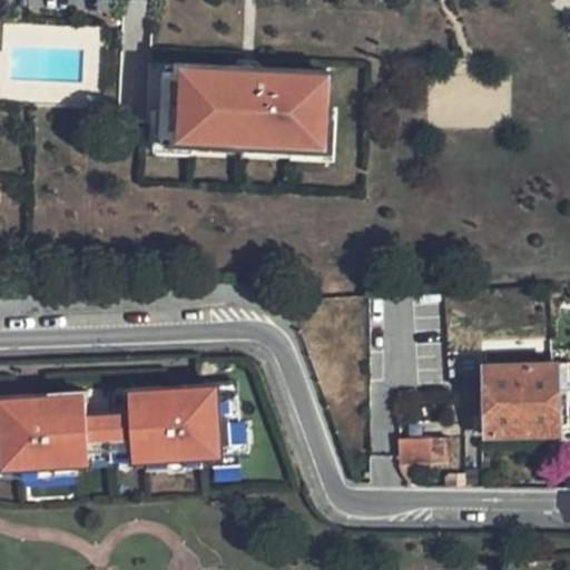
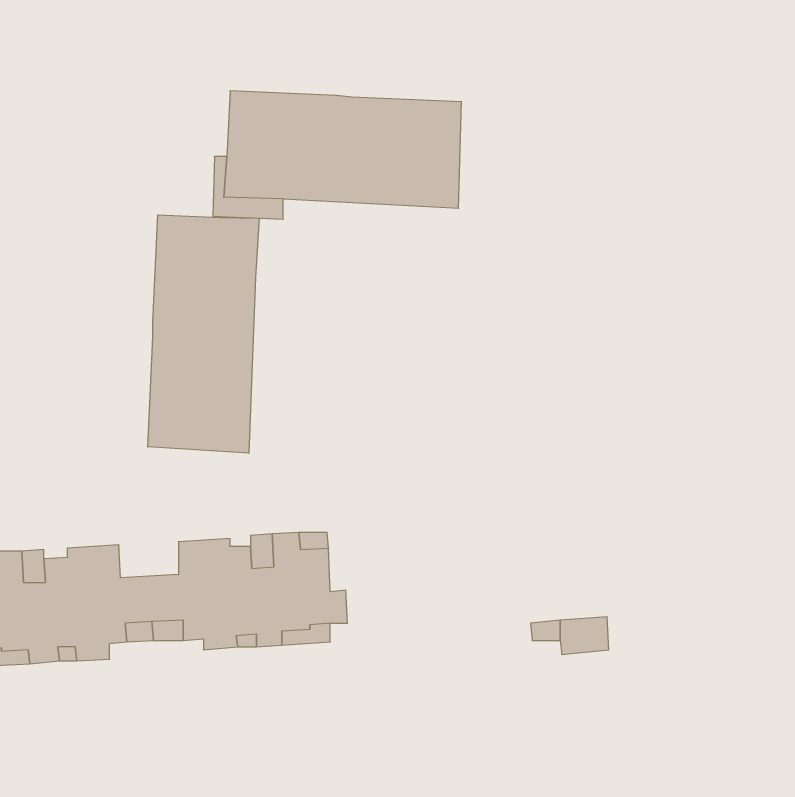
building: none -> [148,215,259,453]
building: [483,362,557,436] -> none

